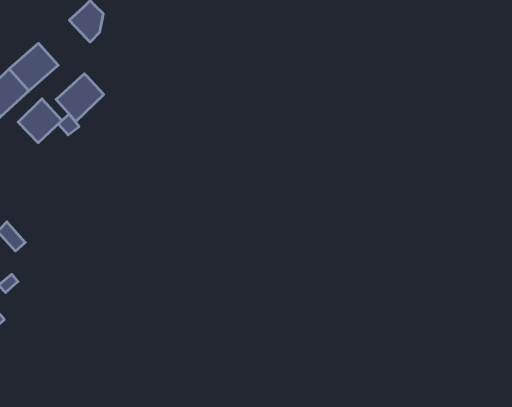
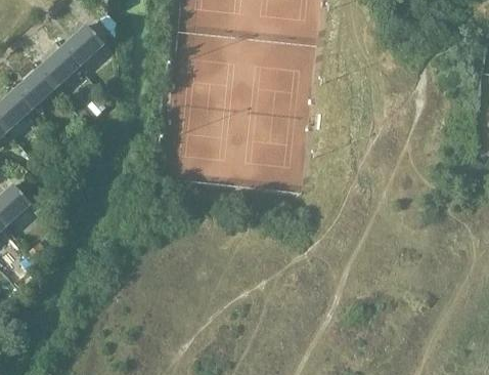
building: [56,74,104,121] -> [60,27,100,67]
building: [18,99,62,143] -> none

